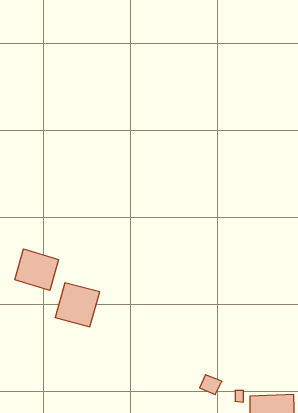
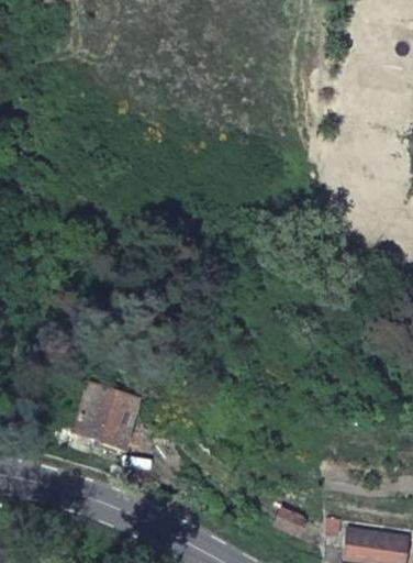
building: [15,249,59,290] -> none

